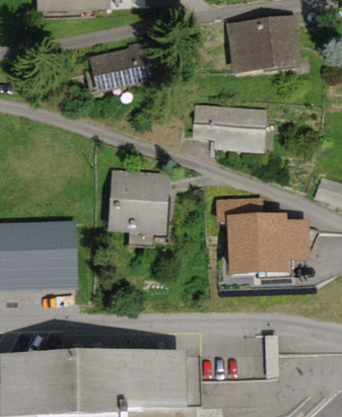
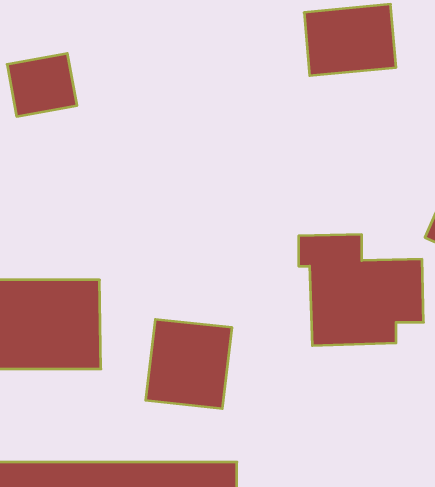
building: [84,48,136,94] -> [7,53,77,116]
building: [193,106,272,159] -> none
building: [104,164,167,230] -> [146,319,232,409]

